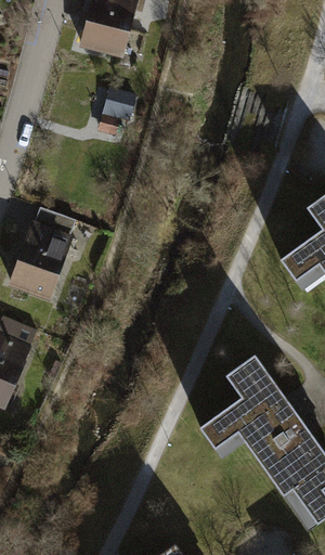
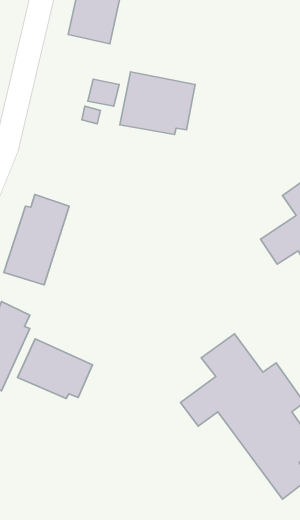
building: none -> [120,72,195,135]
building: none -> [18,339,92,398]

